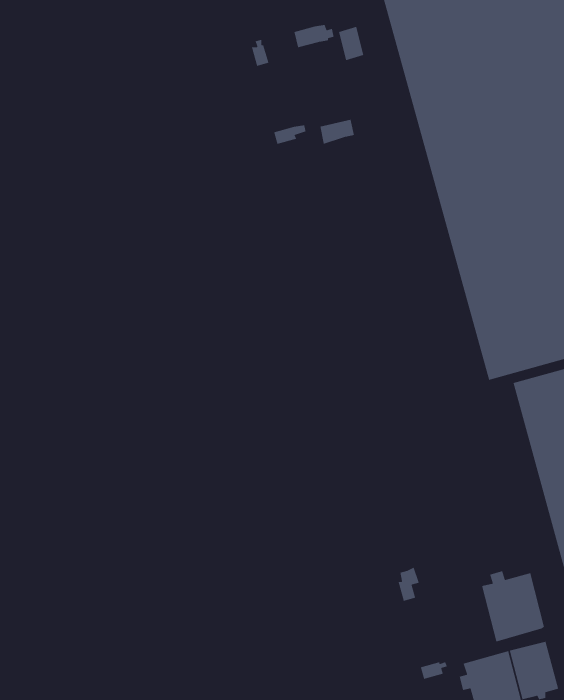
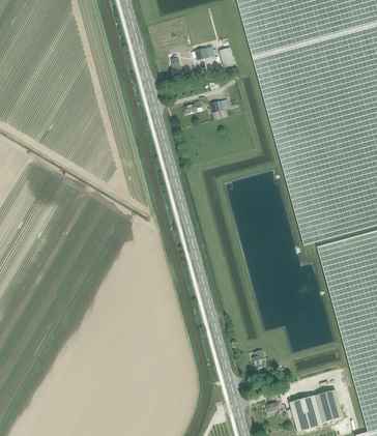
building: [481,570,545,642] -> none

